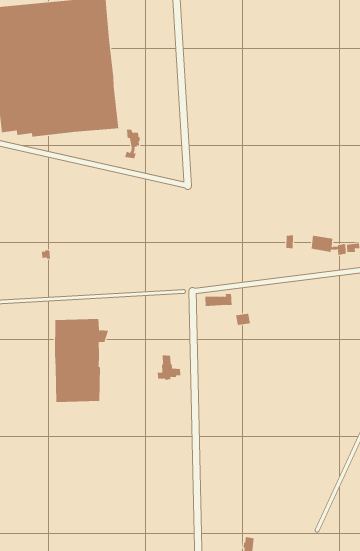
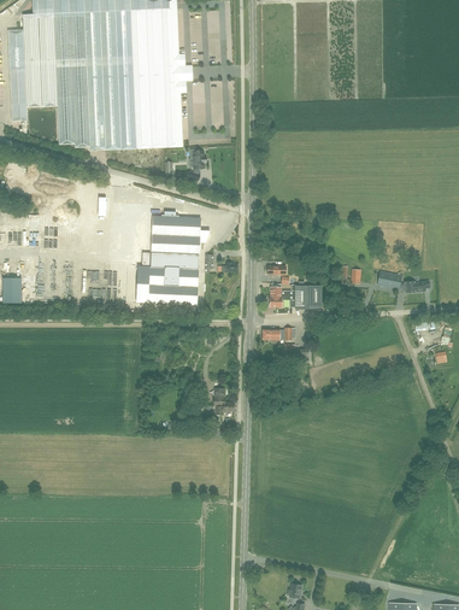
building: none -> [270,283,322,306]
building: [54,318,109,402] -> [149,215,210,303]

